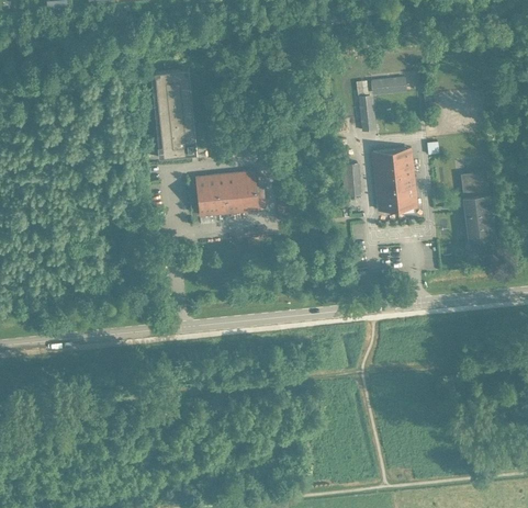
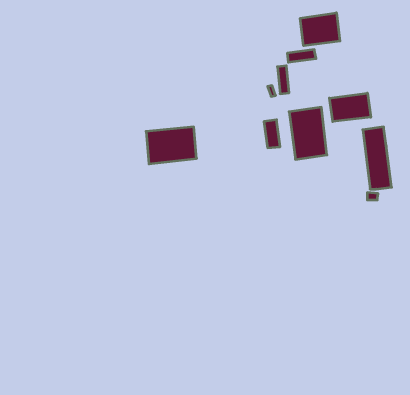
building: none -> [300,13,340,46]
building: [155,69,198,158] -> none
building: none -> [329,93,371,122]

